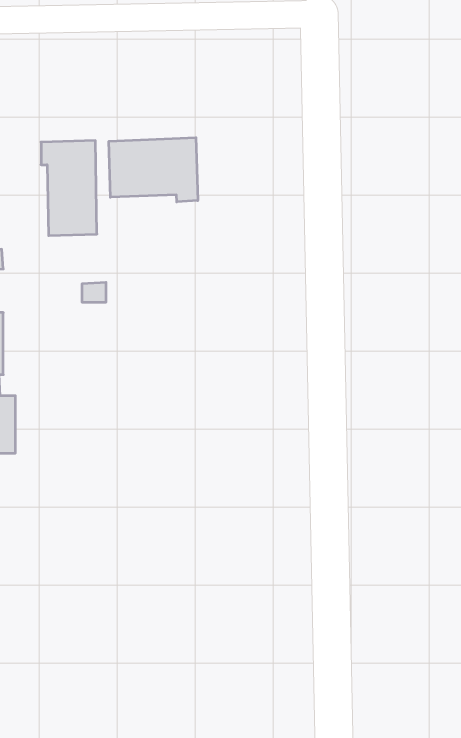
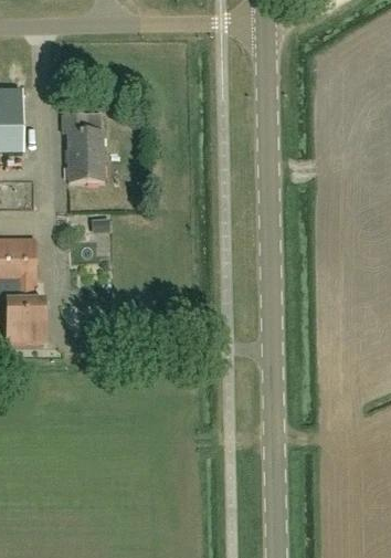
building: [109,138,198,202] -> none

